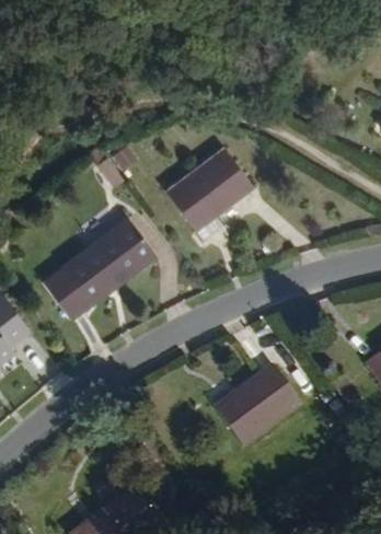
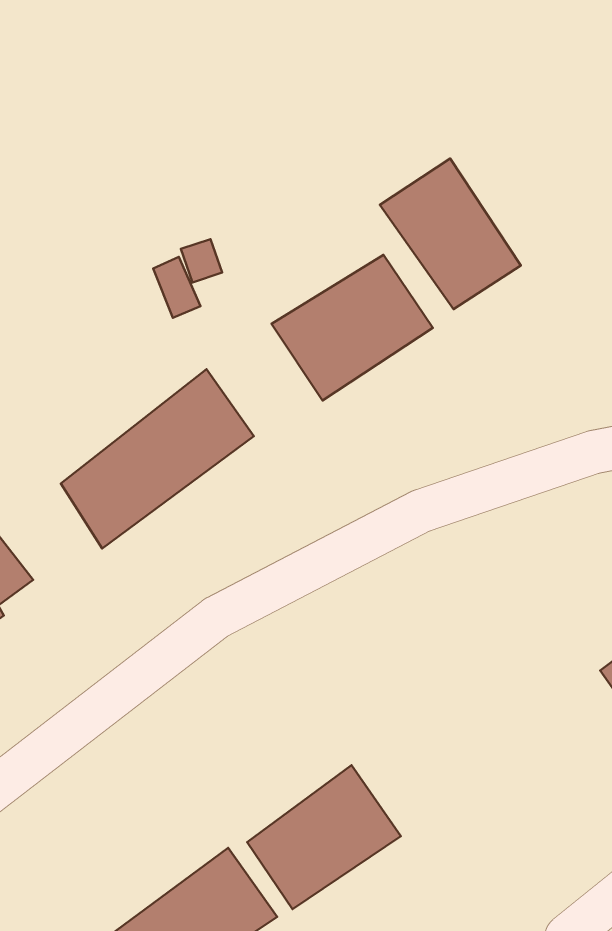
building: none -> [380,159,521,309]
building: [213,370,299,450] -> [247,765,401,909]

